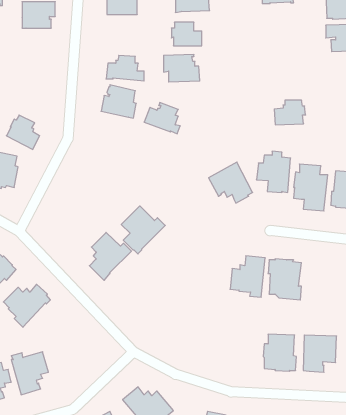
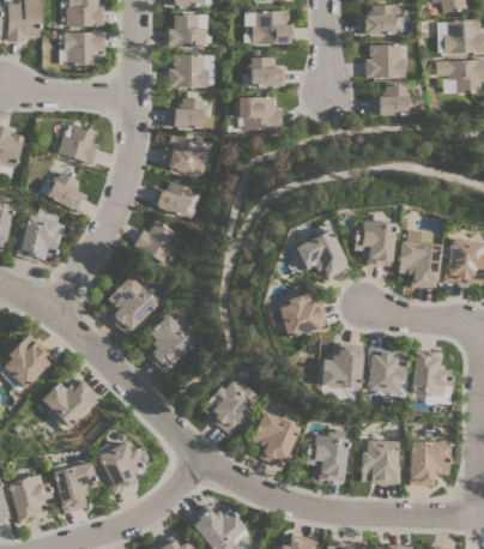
building: none -> [365,43,406,77]
building: none -> [169,54,210,86]
building: none -> [59,123,99,163]
building: [274,100,306,125] -> [373,85,411,115]
building: [144,103,180,134] -> [152,180,196,218]
building: none -> [134,218,177,265]
building: [121,206,165,254] -> [107,274,161,333]
building: none -> [277,290,328,337]
building: none -> [411,350,453,405]
building: none -> [201,380,255,434]
building: none -> [252,410,301,467]
building: none -> [305,434,349,481]
building: none -> [97,441,146,494]

